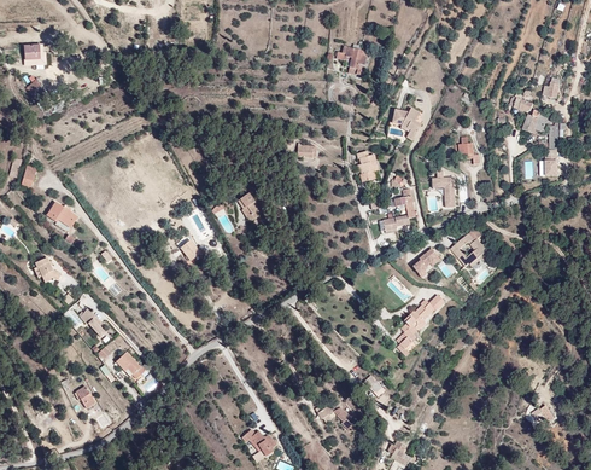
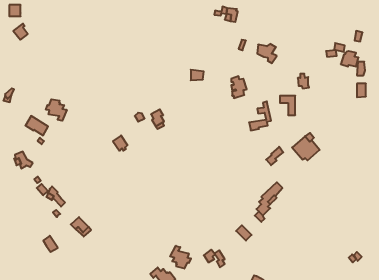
building: none -> [46,99,67,121]
building: none -> [170,246,191,269]

